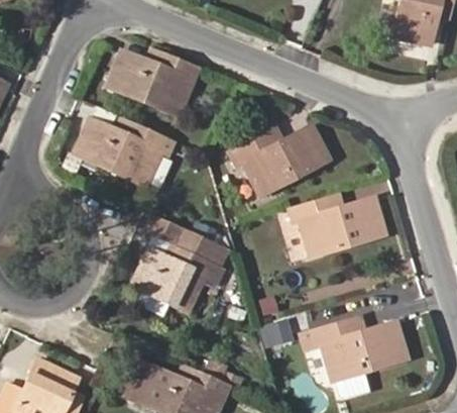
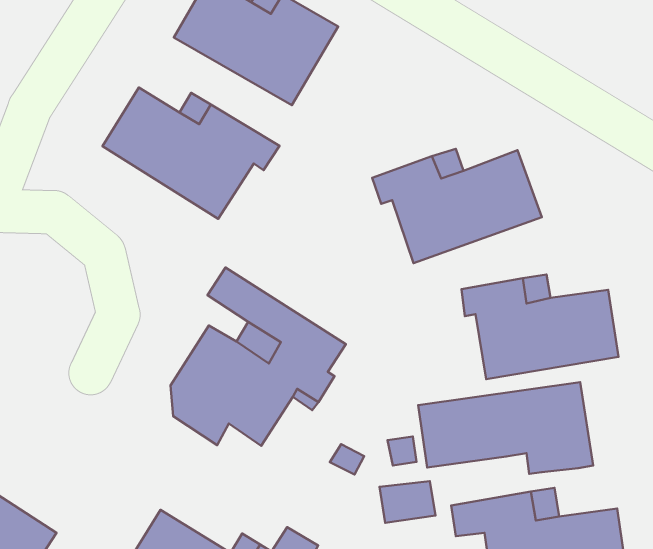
building: none -> [418,382,593,474]

